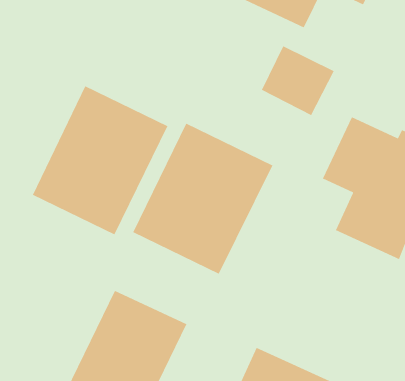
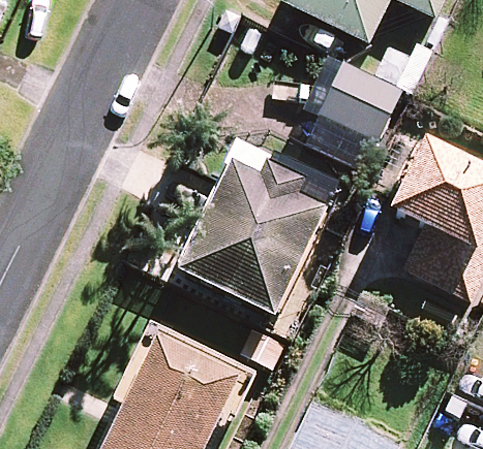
building: [32,85,168,235] -> none

